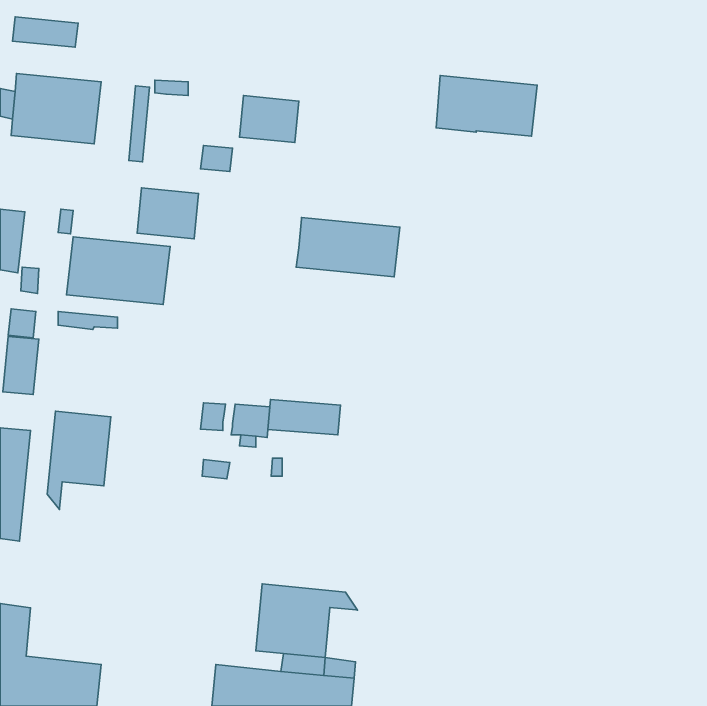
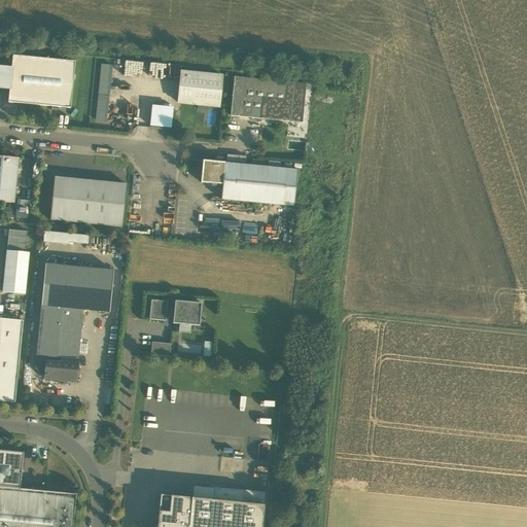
building: [12,17,78,47] -> none
building: [436,75,537,136] -> [231,76,306,121]
building: [137,188,199,239] -> none
building: none -> [201,160,224,184]
building: none -> [41,264,113,312]
building: [268,400,340,435] -> none
building: none -> [44,358,77,381]
building: [256,584,358,657] -> none

